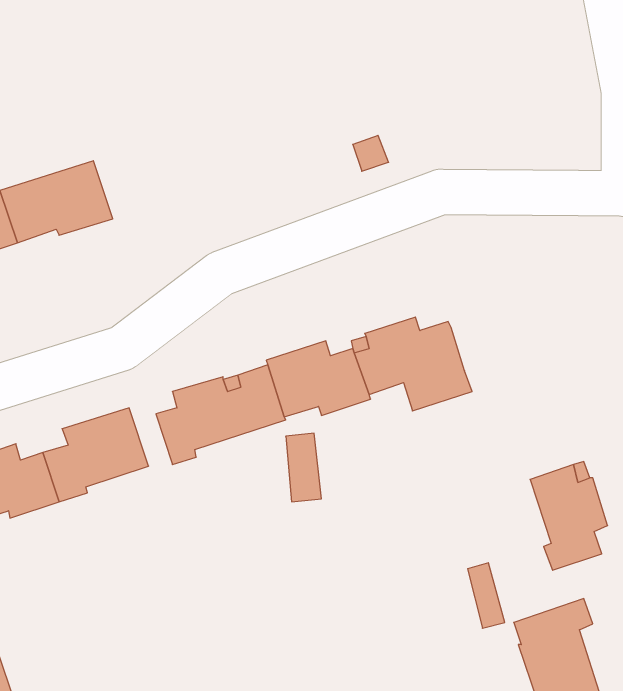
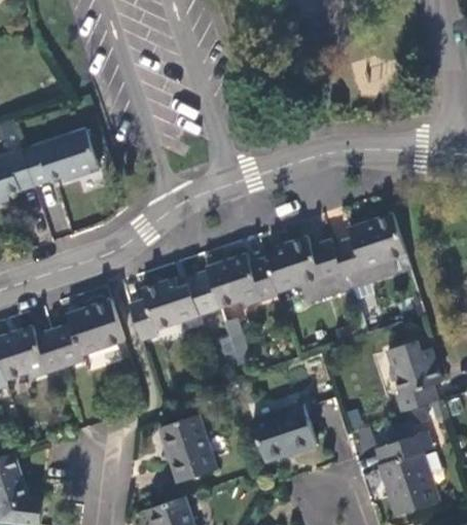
building: none -> [332,215,409,290]
building: none -> [251,405,316,462]
building: none -> [158,415,216,483]

